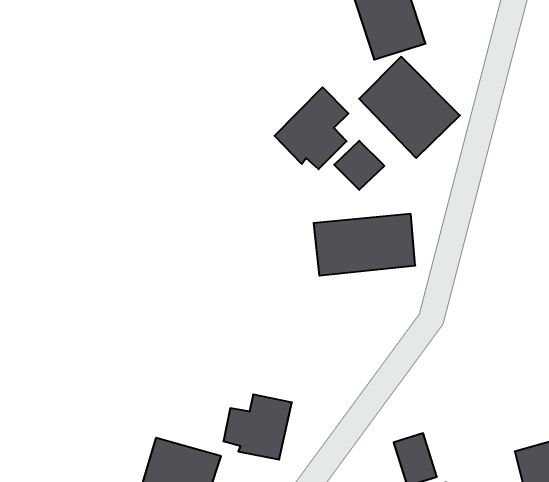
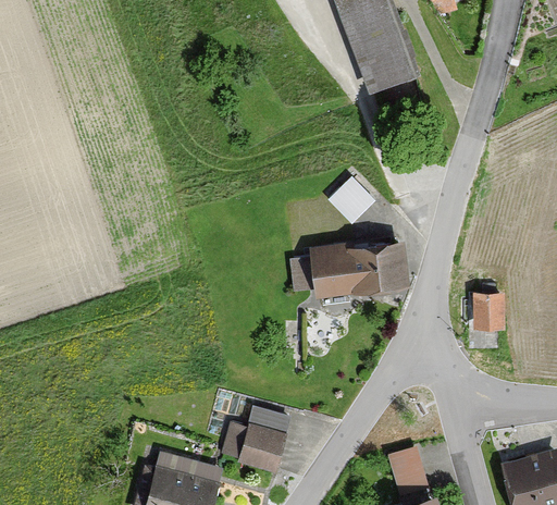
building: [359,57,460,158] -> none
building: [275,87,348,169] -> none
building: none -> [473,294,505,331]

